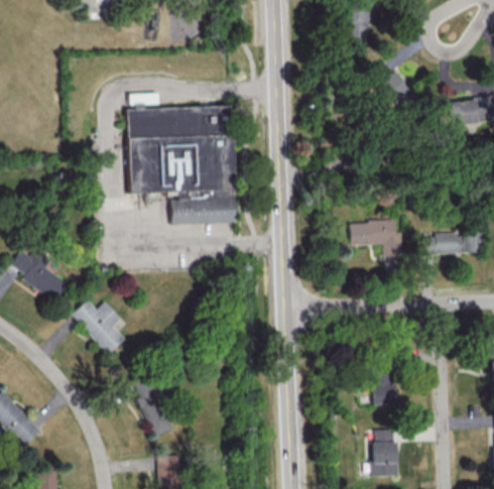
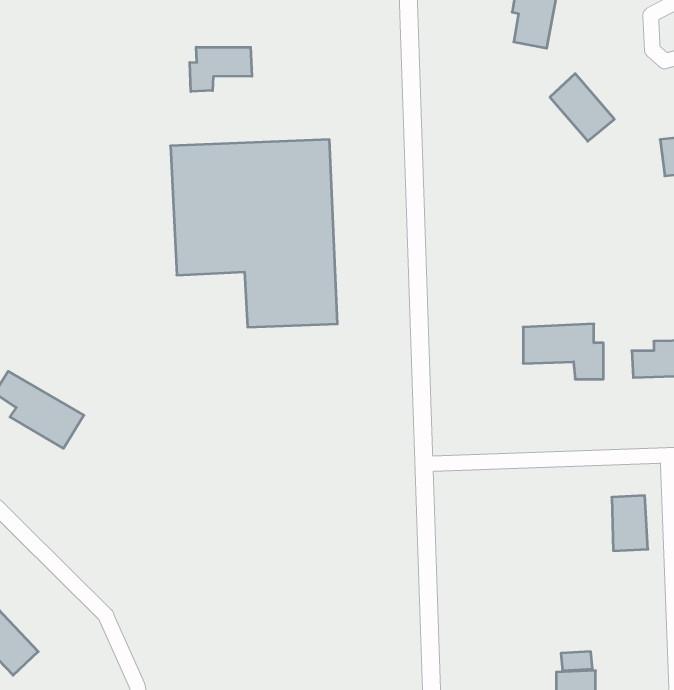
building: none -> [190,47,252,92]
building: [73,299,126,355] -> none
building: [373,370,396,405] -> [612,496,648,551]
building: [134,383,173,438] -> none

